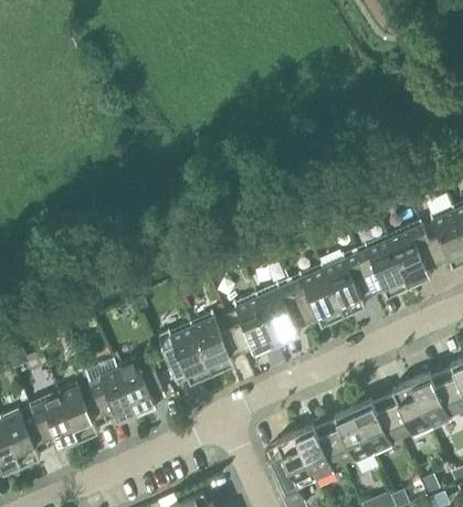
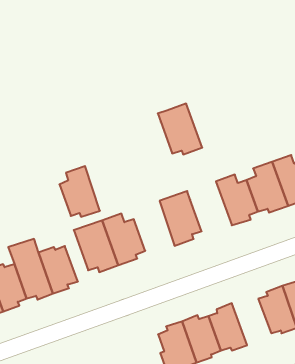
building: [288,263,345,324] -> [158,104,202,154]
building: [228,292,278,352] -> [59,166,100,217]
building: [352,399,402,455] -> none

